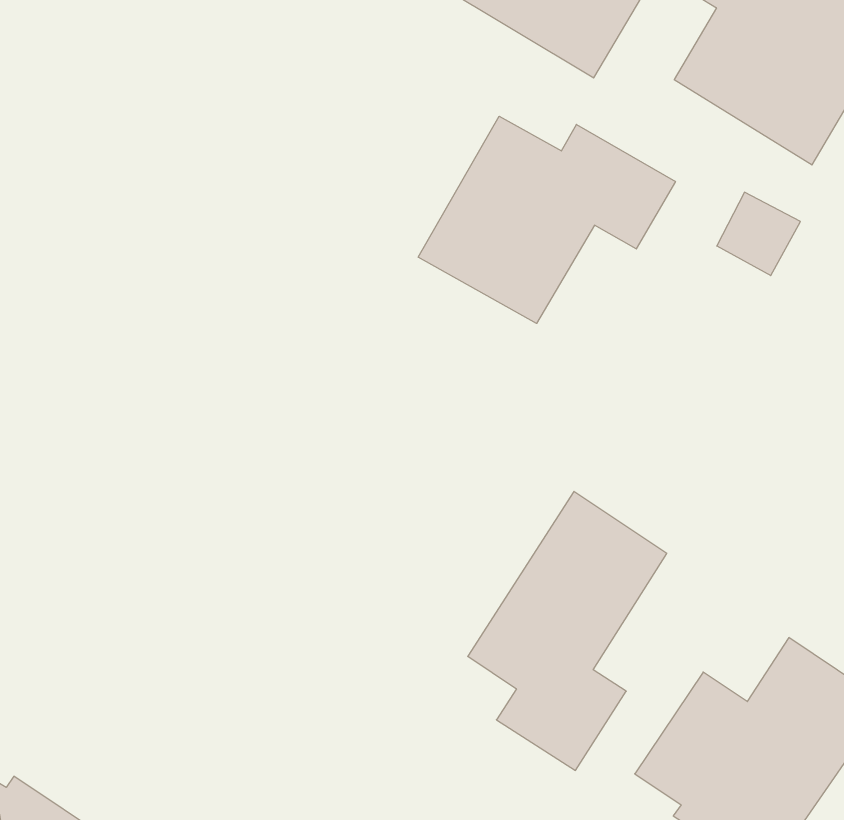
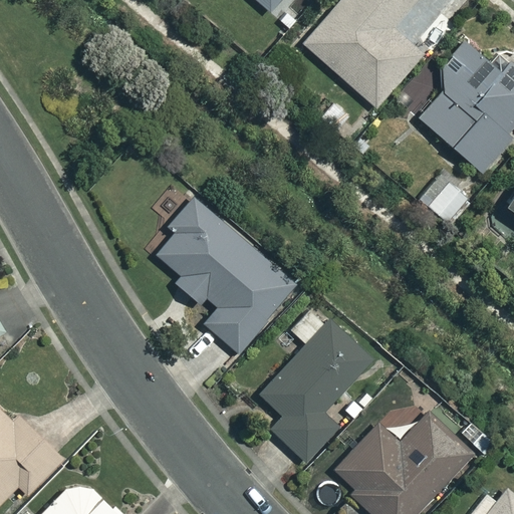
building: [418,116,675,323] -> none
building: none -> [156,199,296,352]

